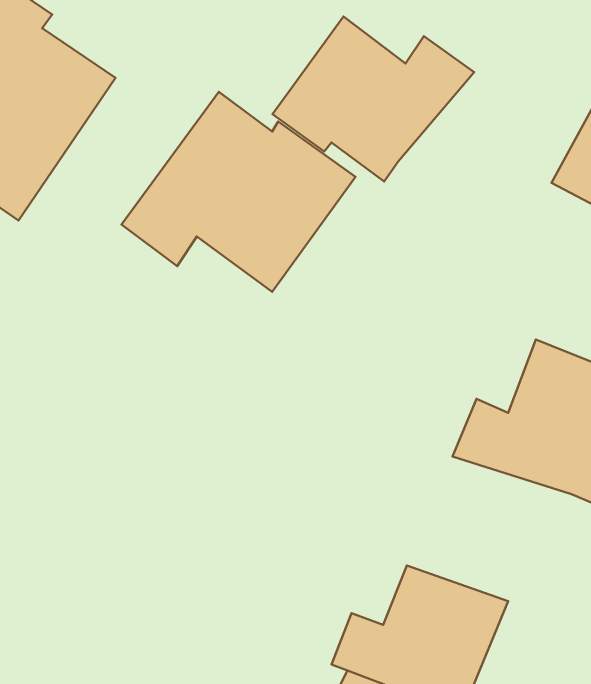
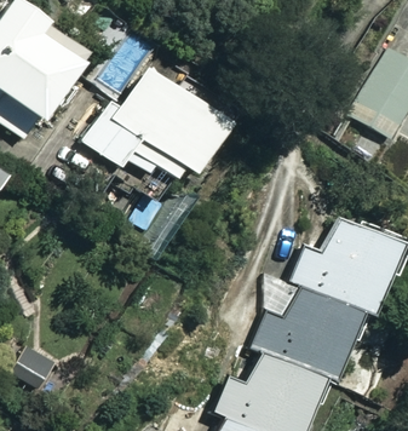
building: [273,17,474,181] -> none
building: none -> [252,278,362,378]

